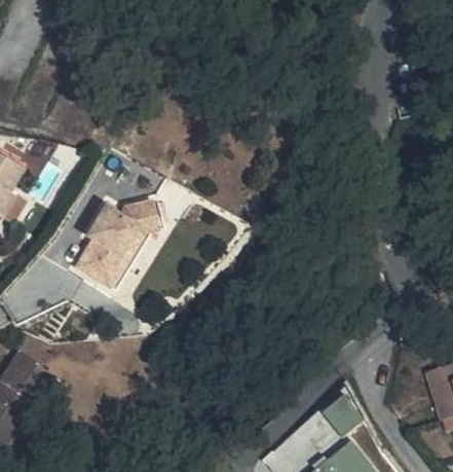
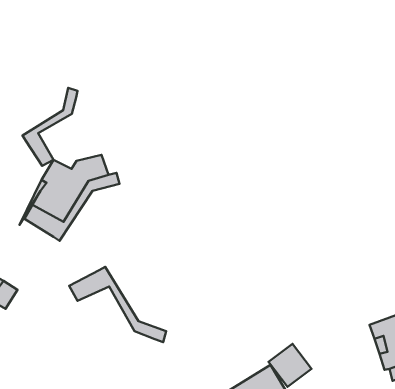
building: none -> [22,88,77,166]
building: none -> [69,267,166,342]

